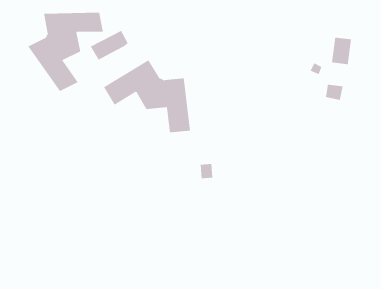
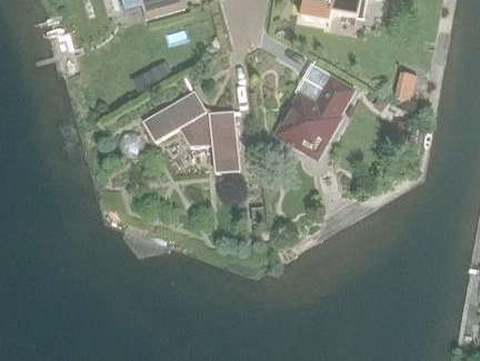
building: [28,12,103,92] -> none
building: none -> [276,73,353,156]

